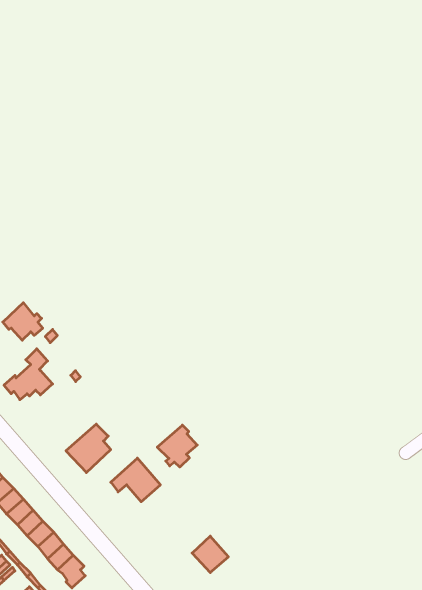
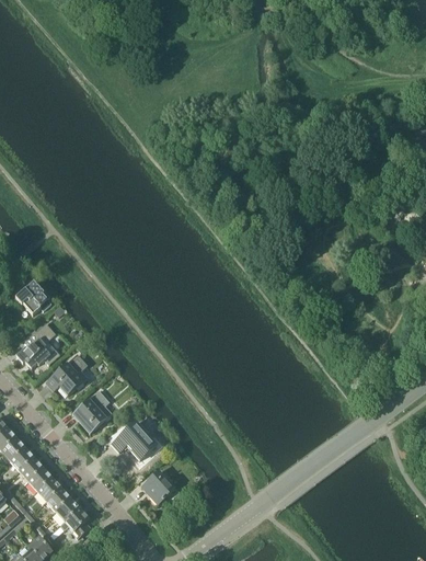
building: none -> [47,353,88,394]
building: [157,425,197,467] -> none
building: [192,536,228,573] -> [142,469,175,502]

